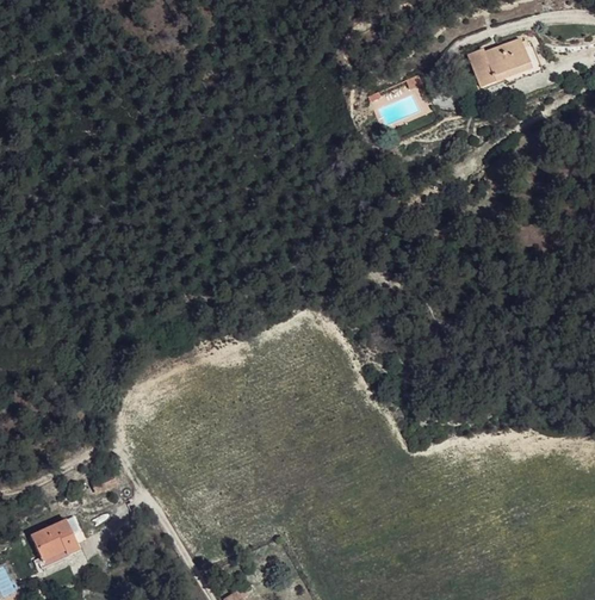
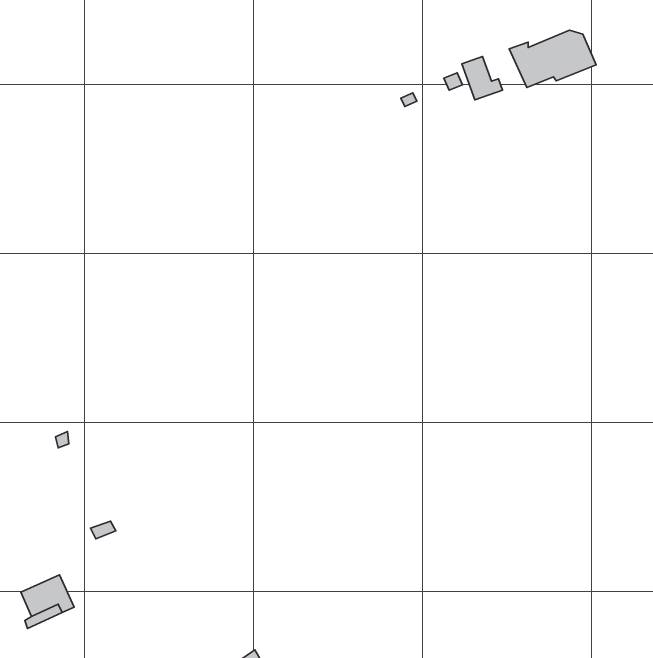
building: none -> [462,56,503,100]

